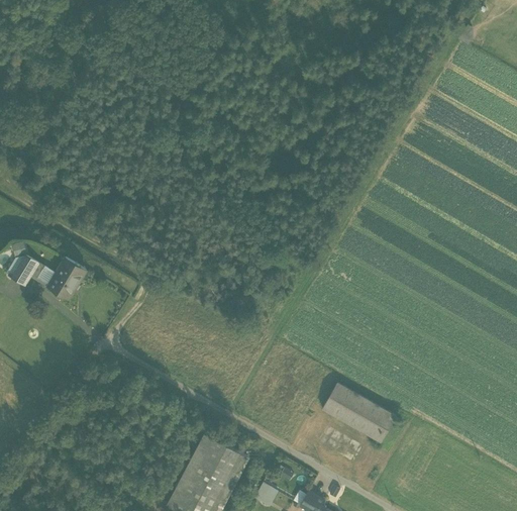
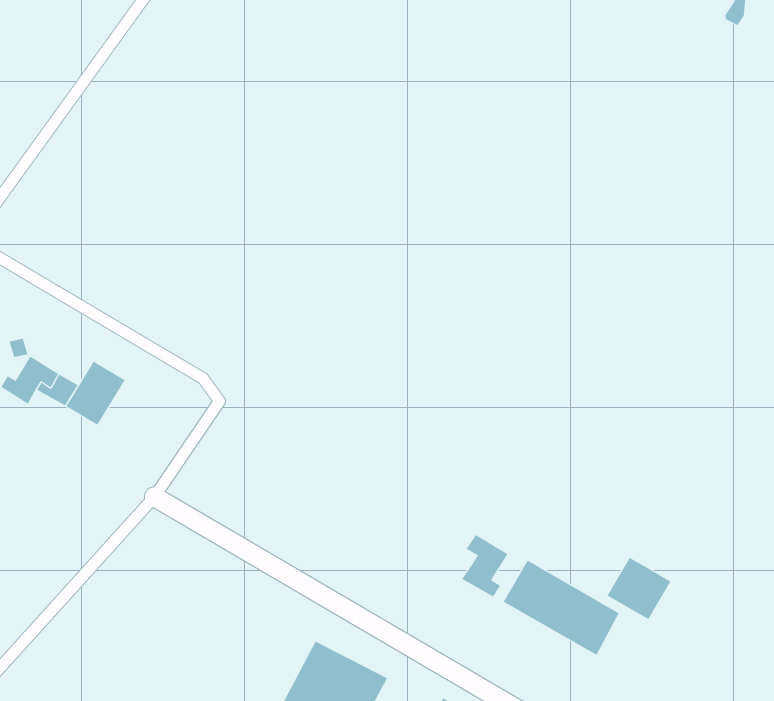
building: none -> [462,534,508,597]
building: none -> [607,557,671,620]

